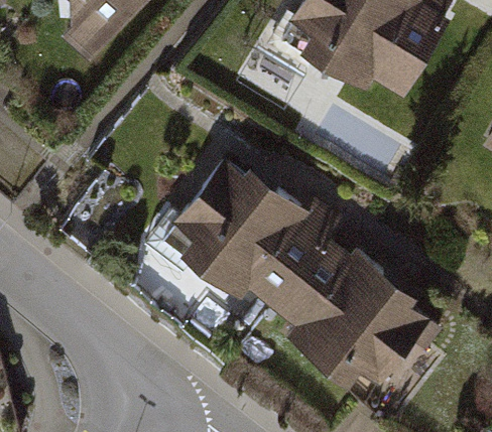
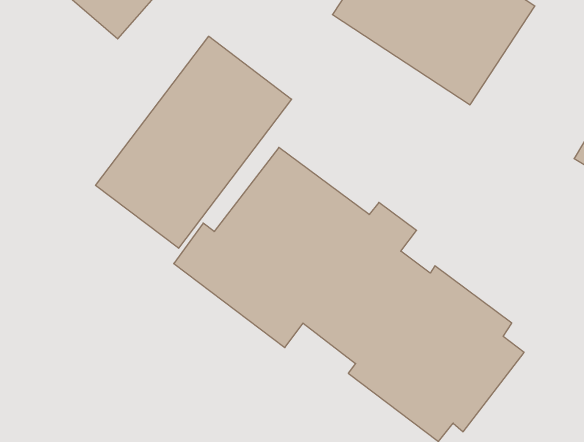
building: none -> [96,36,292,248]

